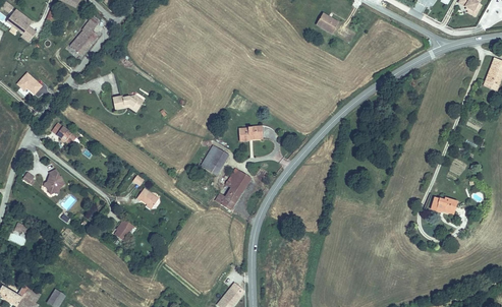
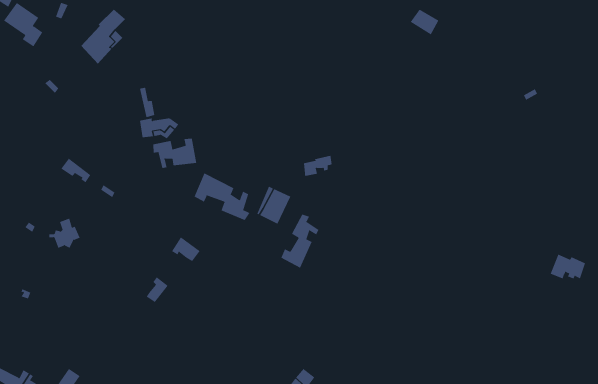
building: [16,70,43,96] -> none
building: none -> [153,138,197,169]
building: none -> [194,173,250,221]

